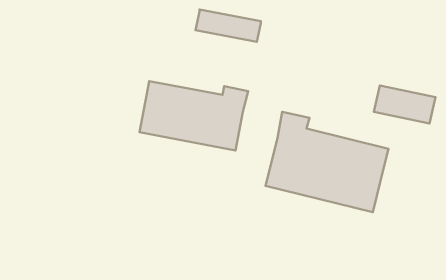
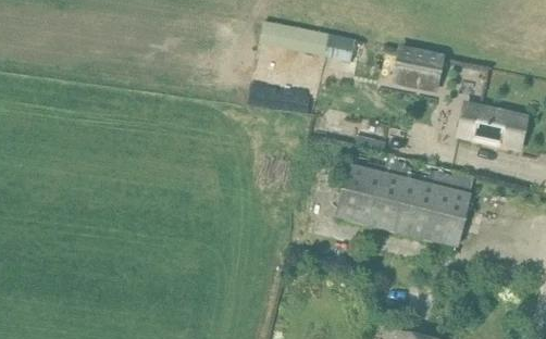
building: none -> [393,50,443,89]
building: [140,81,248,150] -> none

